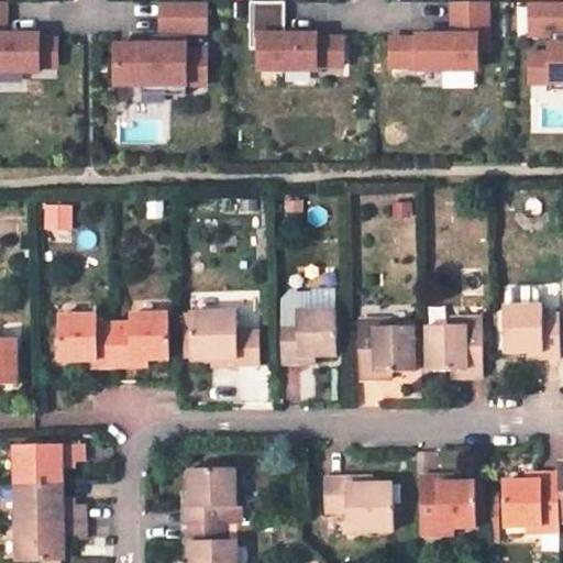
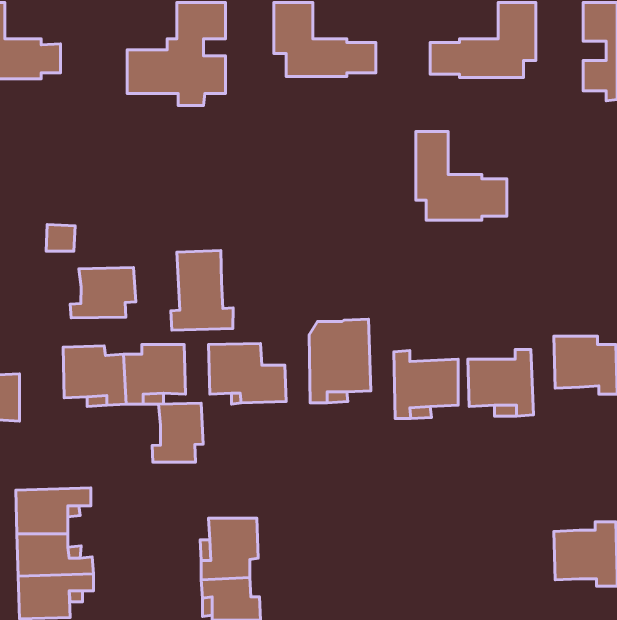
building: none -> [416,131,507,220]
building: none -> [171,250,233,330]
building: none -> [70,267,136,318]
building: none -> [152,403,203,462]
building: [420,474,476,534] -> none
building: [325,477,394,530] -> none

